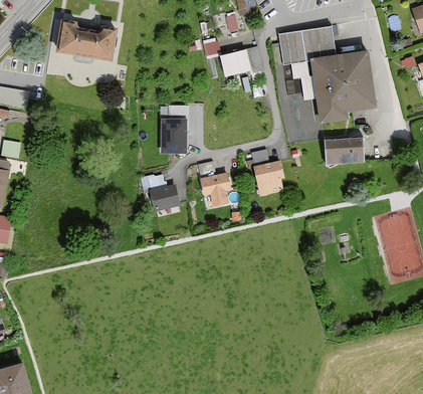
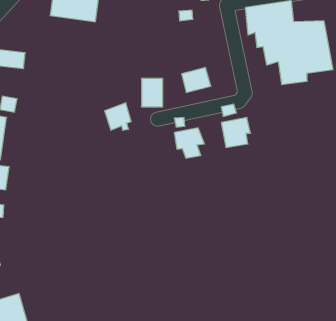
building: [219,49,252,77] -> [182,68,211,92]
building: [326,139,366,166] -> none
building: [150,184,180,215] -> [105,103,131,130]

